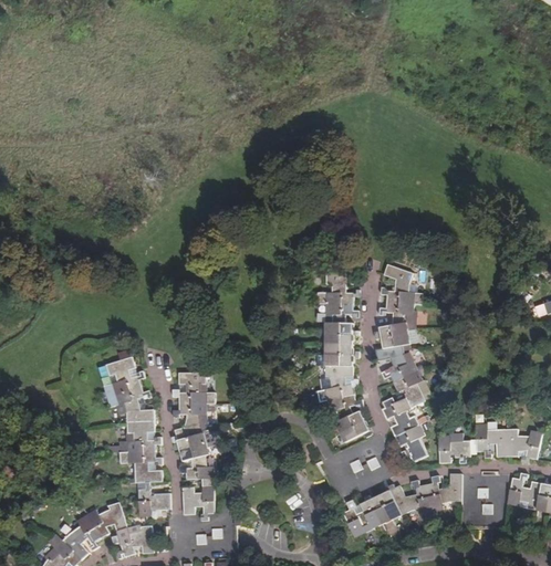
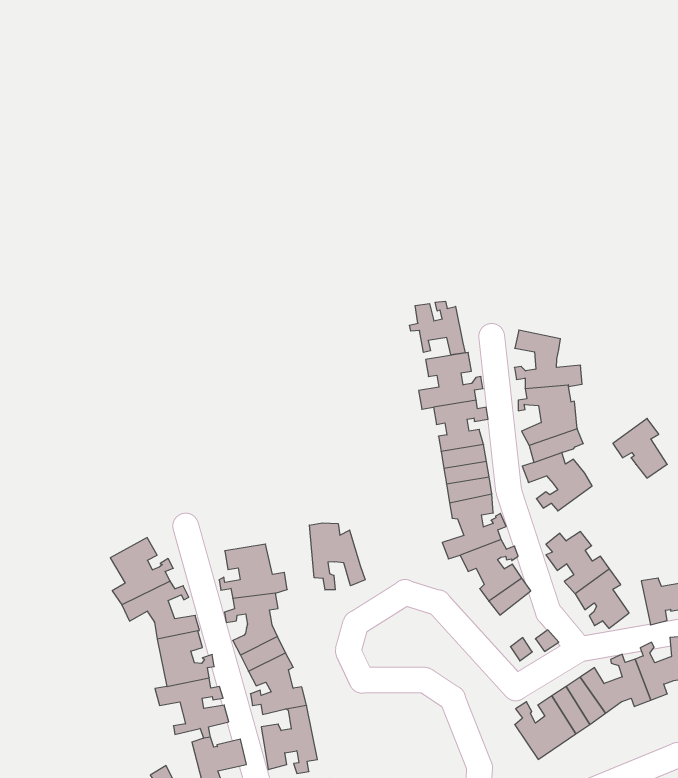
building: none -> [409,301,465,355]
building: none -> [309,523,365,590]
building: [393,369,425,407] -> [613,418,667,478]

